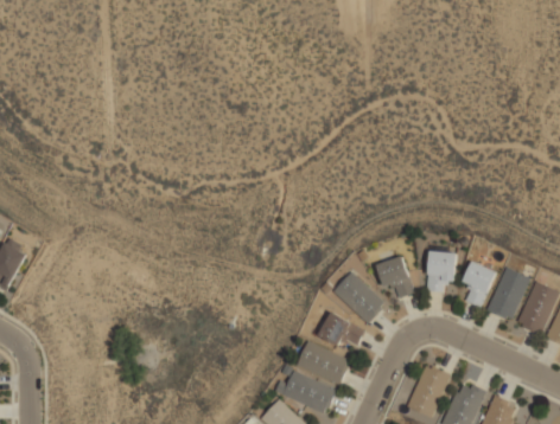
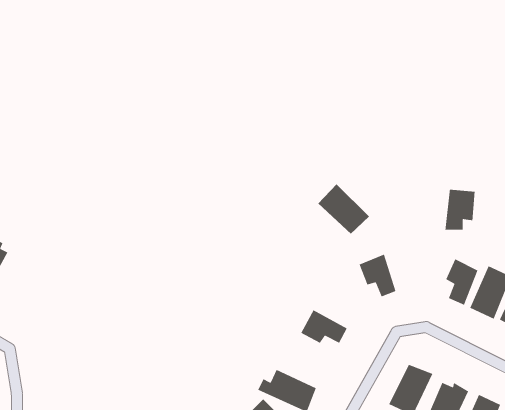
building: [425,250,456,291] -> [444,189,475,231]
building: [332,271,384,322] -> [317,183,370,234]
building: [294,340,348,384] -> none

